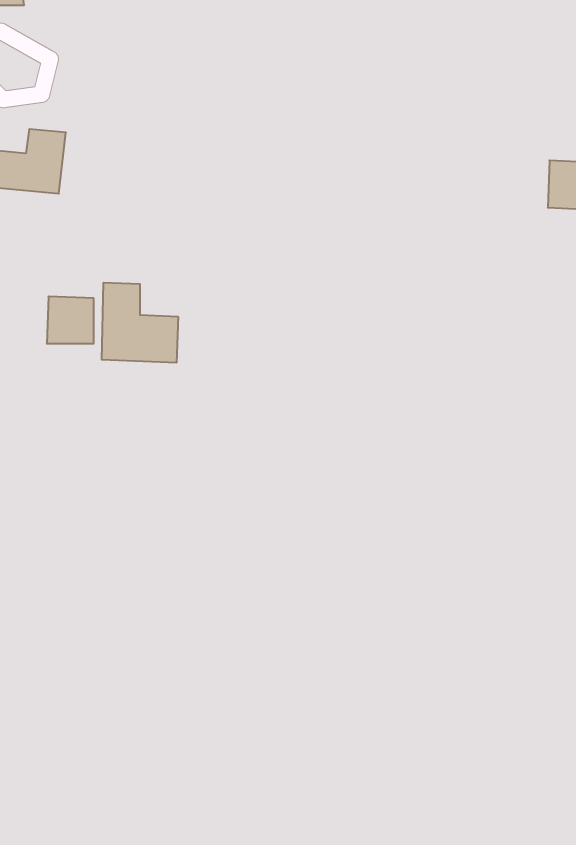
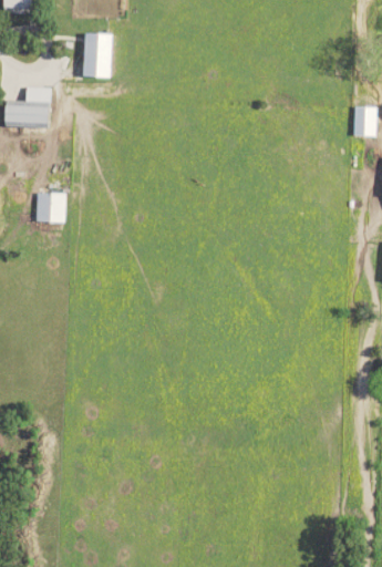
building: none -> [81,32,114,76]
building: [102,283,178,363] -> none

